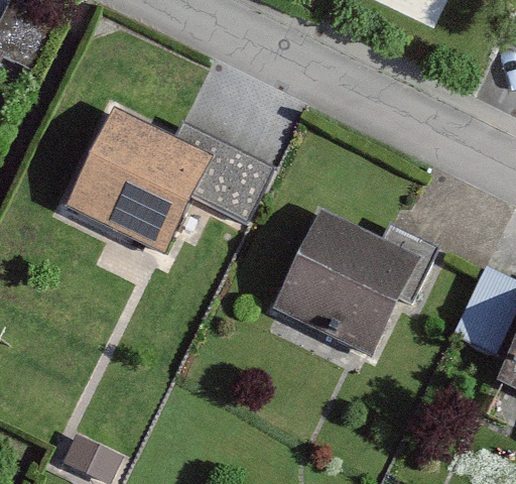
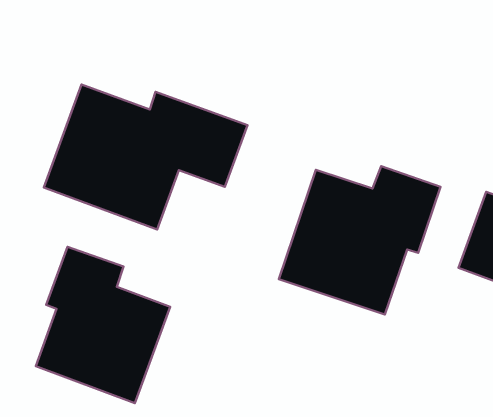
building: none -> [36,247,170,403]

